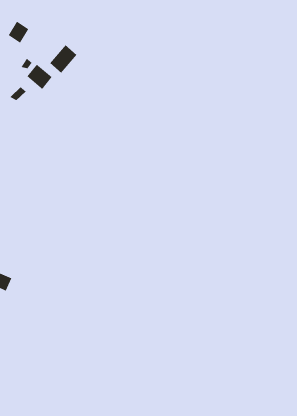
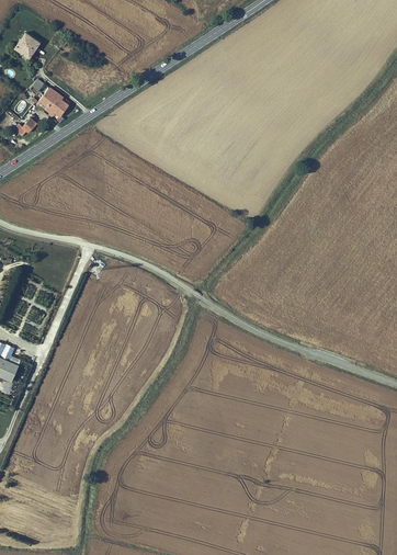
building: [50,45,77,74] -> none

